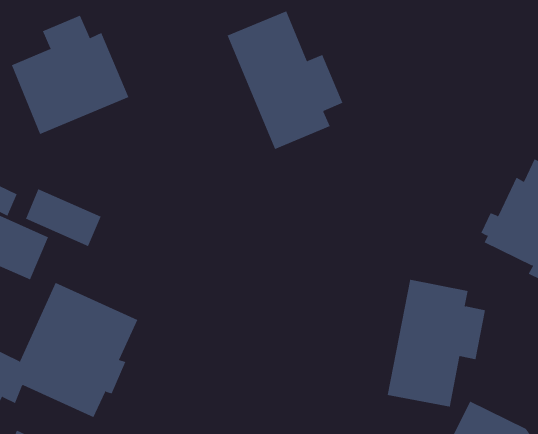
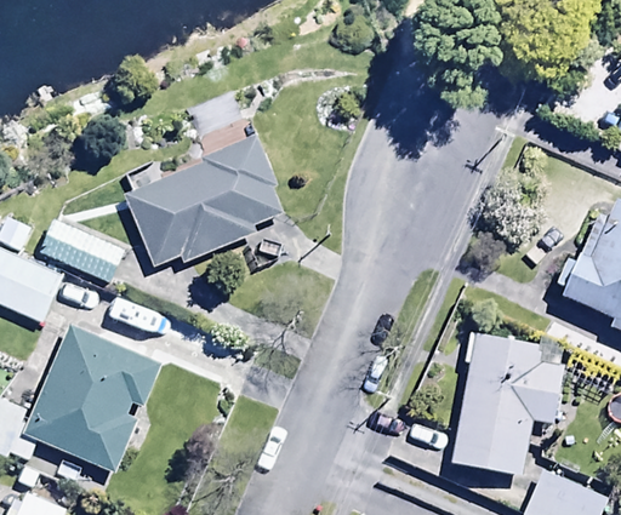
building: [227,11,343,150] -> none
building: [11,15,129,135] -> none
building: none -> [125,137,280,263]

